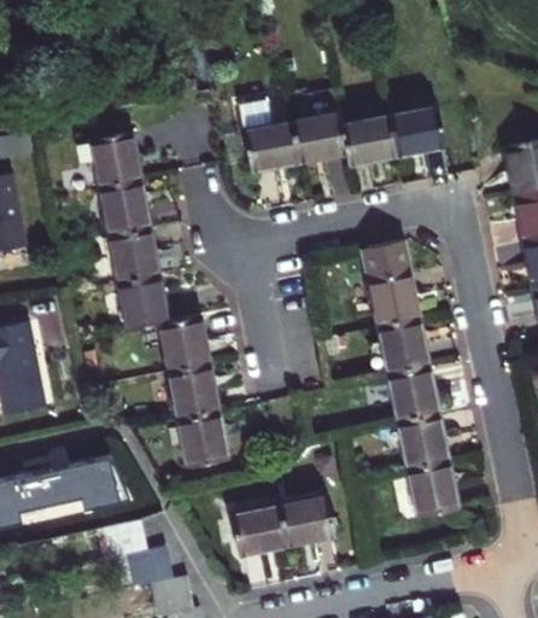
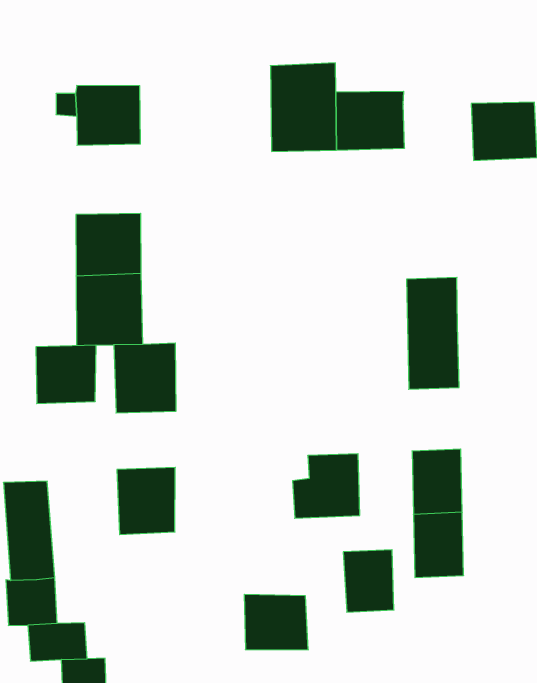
building: [343,111,402,163] -> none
building: [104,180,159,240] -> none
building: [372,325,426,380] -> [293,454,360,518]
building: [164,375,215,426] -> [36,345,96,404]
building: [407,465,451,517] -> [343,550,394,612]
building: [234,505,288,553] -> none

